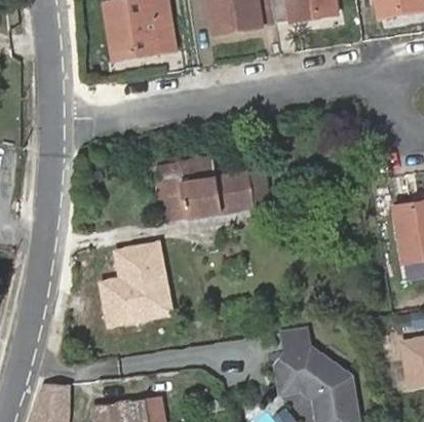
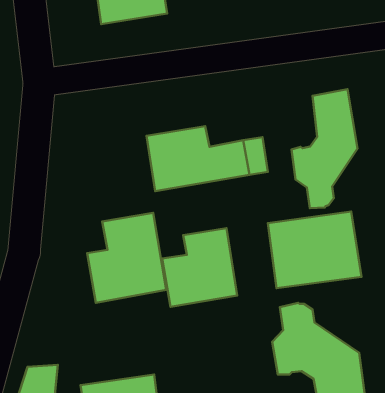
building: none -> [291,89,358,208]
building: none -> [268,211,362,288]
building: none -> [162,228,237,307]

